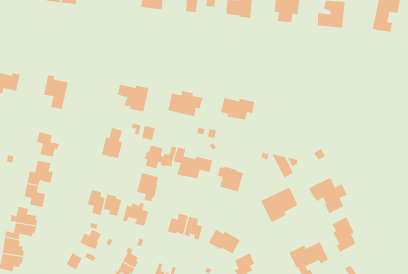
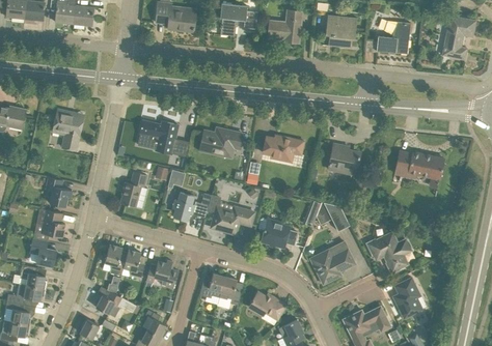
building: none -> [327,144,359,174]
building: none -> [393,151,443,189]
building: [136,172,159,202] -> none

